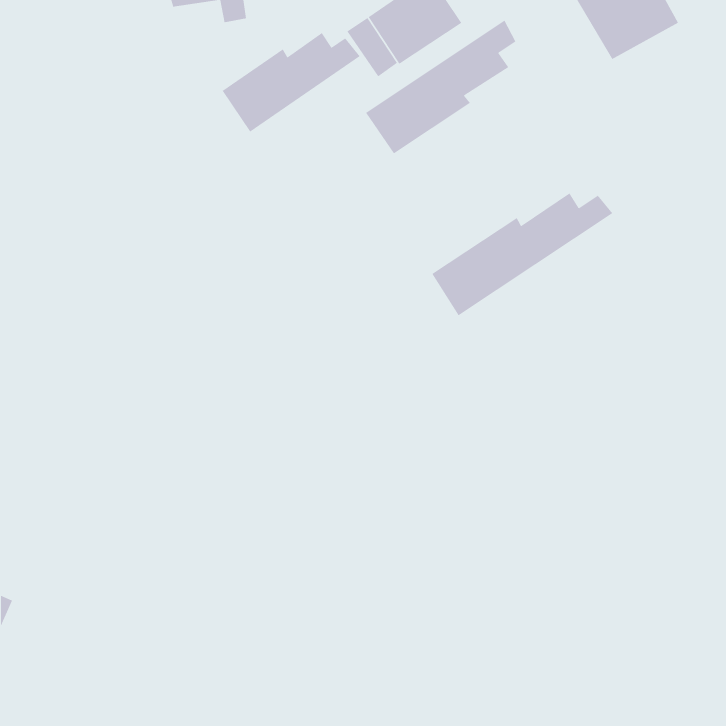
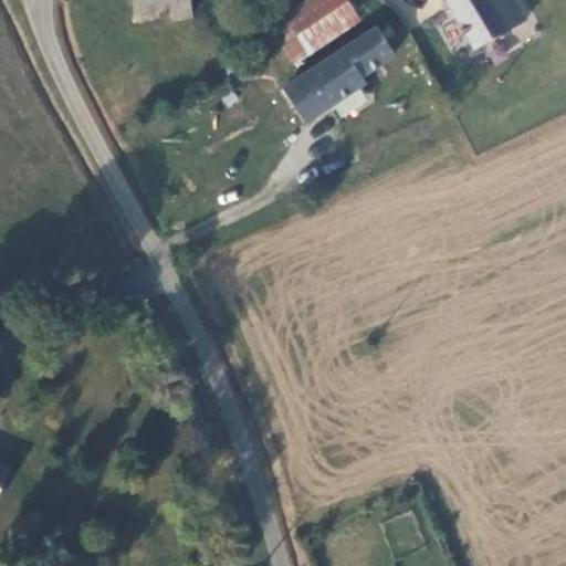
building: [222,32,360,132] -> none
building: [431,193,613,316] -> none

